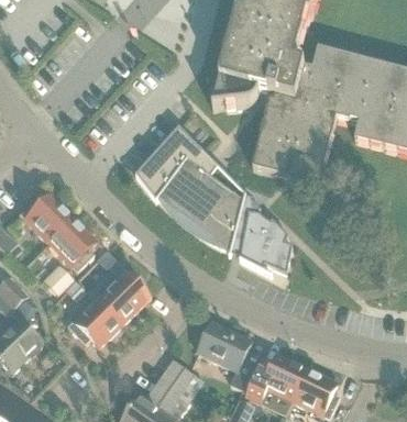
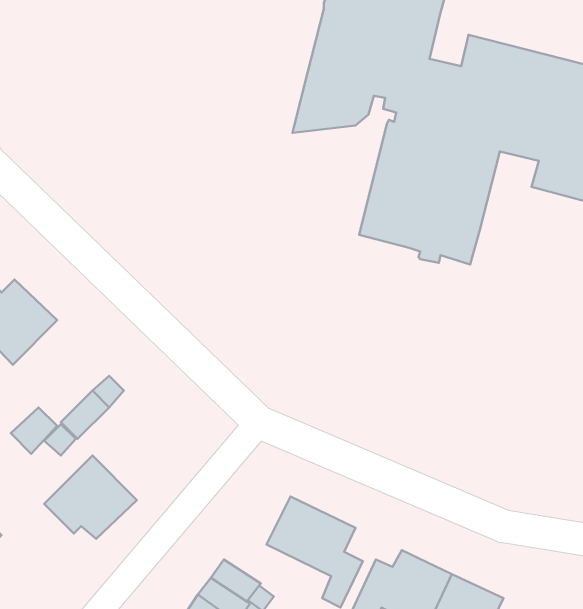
building: [135,125,293,275] -> none
building: [47,218,97,271] -> none
building: [95,269,150,324] -> none

